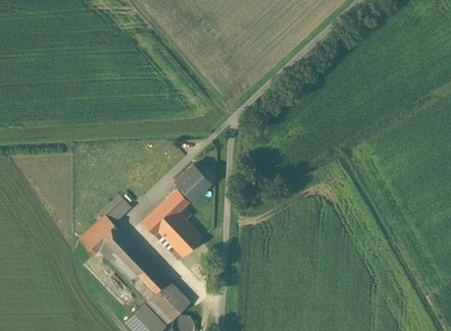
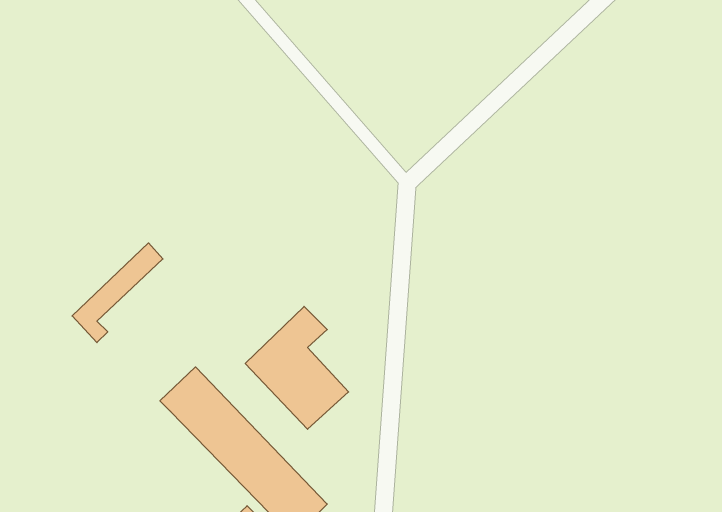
building: [174,165,210,203] -> none
building: [79,199,131,256] -> [72,243,163,343]

